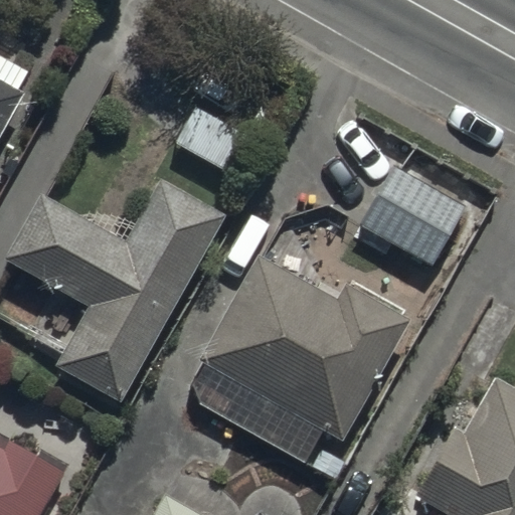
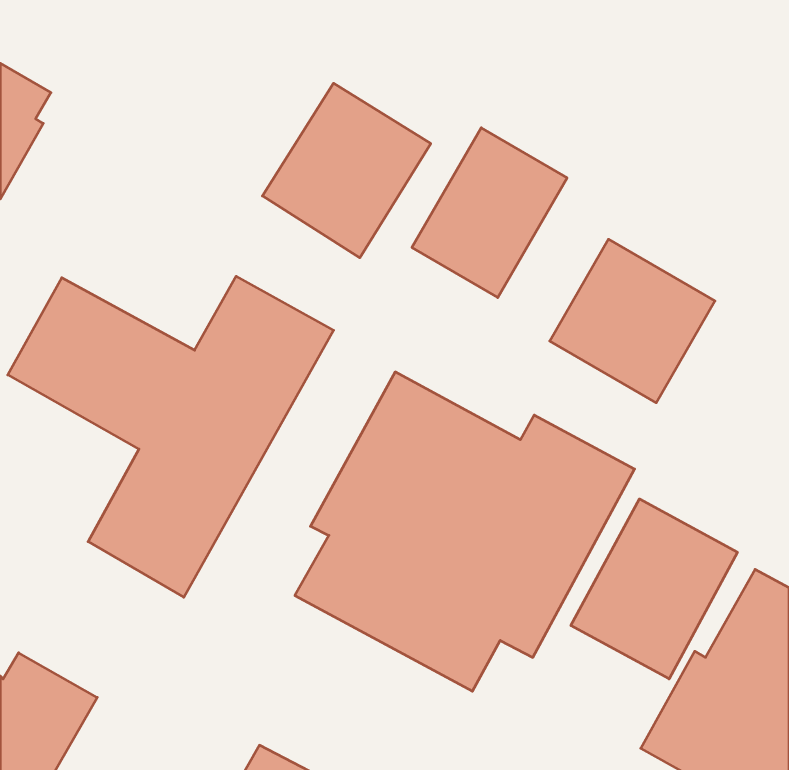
building: none -> [412,128,567,298]
building: none -> [571,499,737,679]

